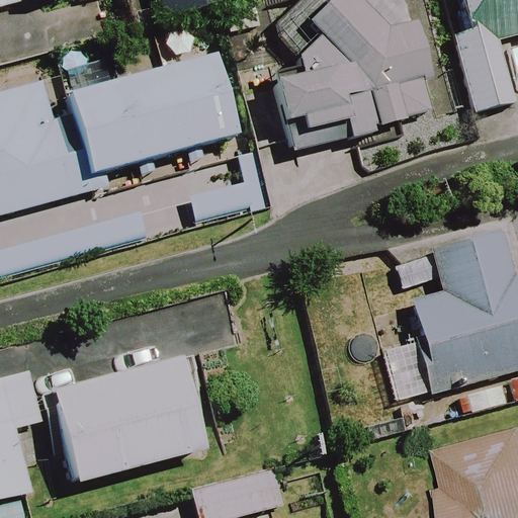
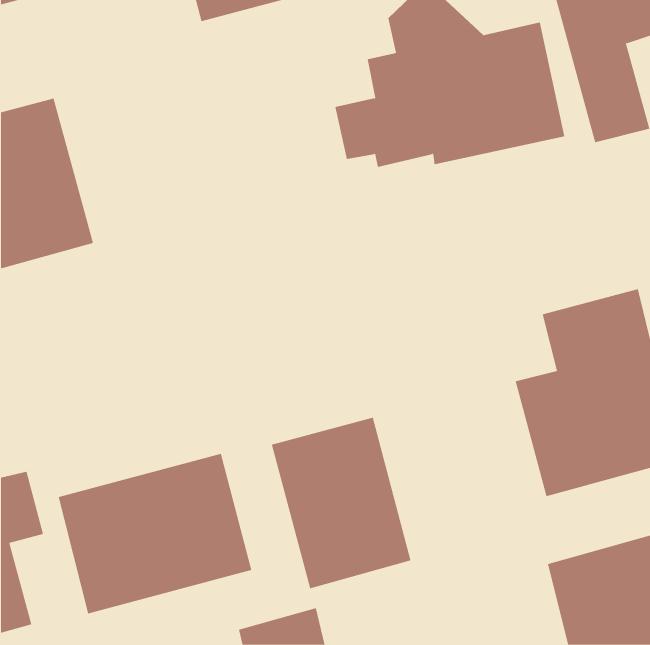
building: [69,53,237,175] -> none
building: none -> [271,417,411,589]

